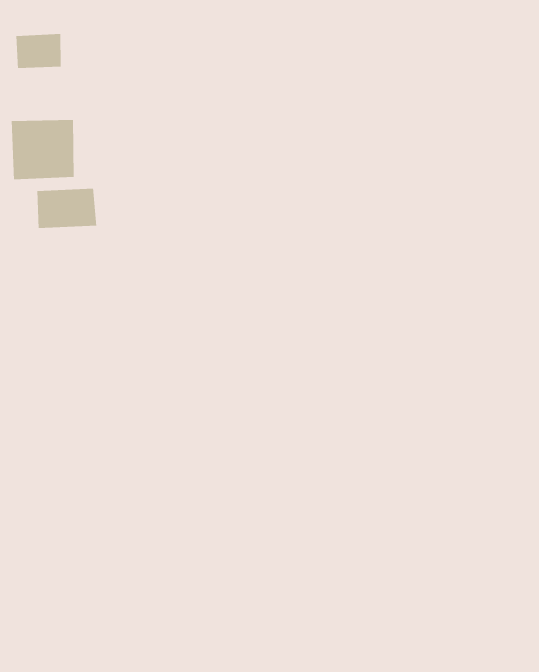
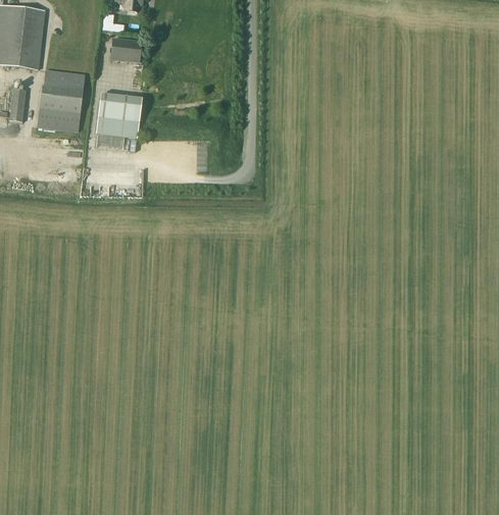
building: [37,188,97,229] -> none

